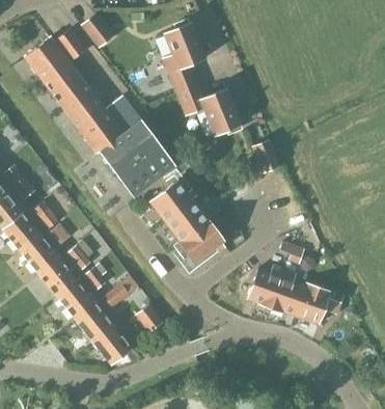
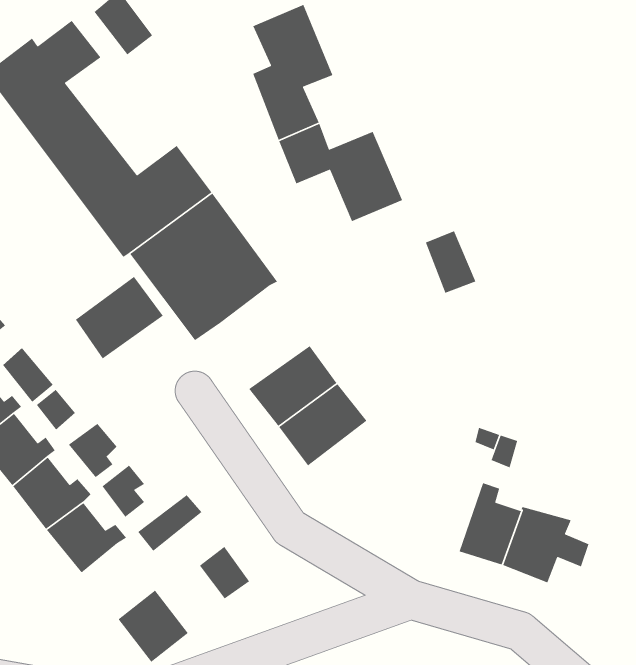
building: [147,180,194,223] -> [75,276,164,359]
building: [248,267,284,308] -> none
building: [75,304,117,344] -> none

